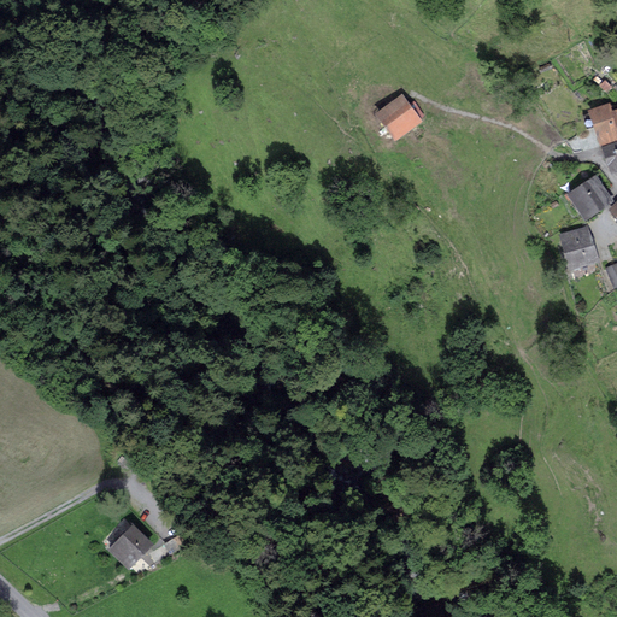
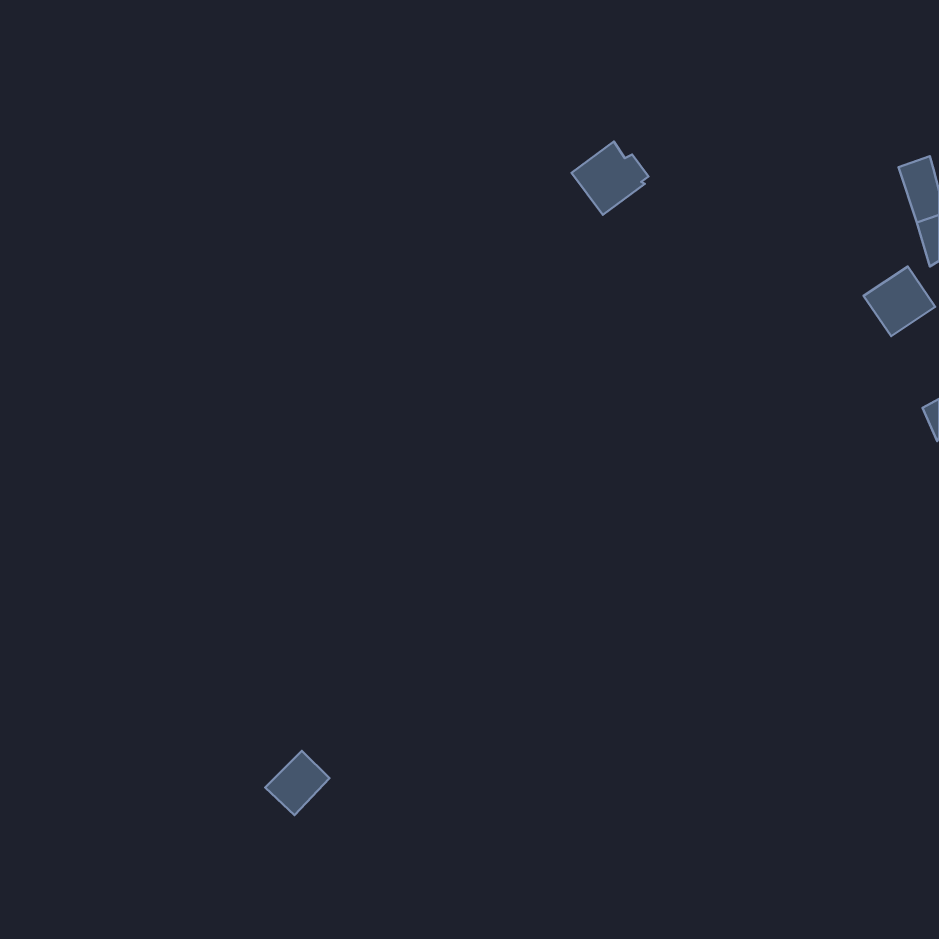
building: [559,225,599,270] -> none
building: [110,525,152,568] -> [265,751,329,815]

